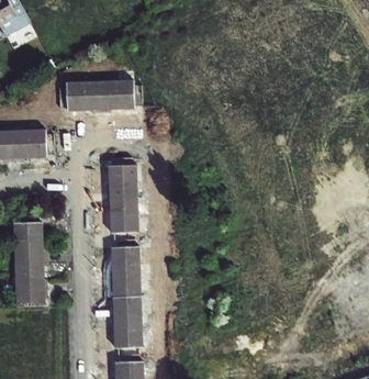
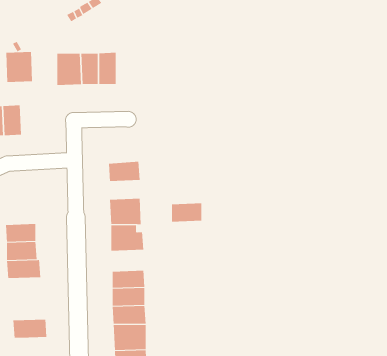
building: [115,80,142,111] -> none
building: [27,129,53,157] -> [5,51,33,83]
building: [108,157,136,183] -> none
building: [109,199,137,216] -> [171,203,202,222]
building: [13,215,42,239] -> none
building: [110,263,141,282] -> none
building: [15,288,47,305] -> [13,319,47,338]

